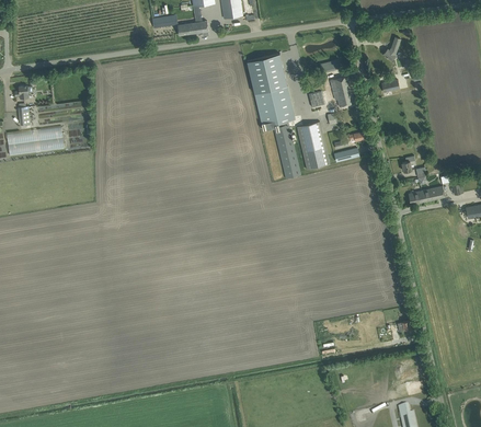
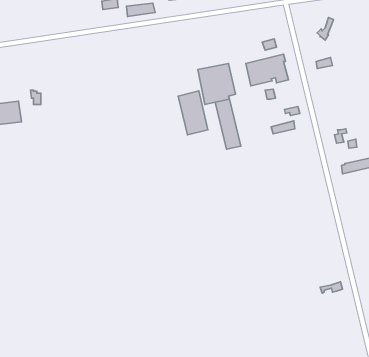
building: [247,53,287,92] -> none
building: [297,122,329,169] -> [178,91,208,135]

